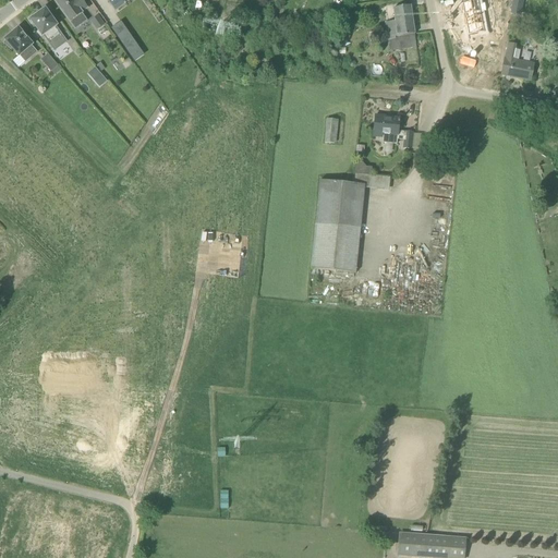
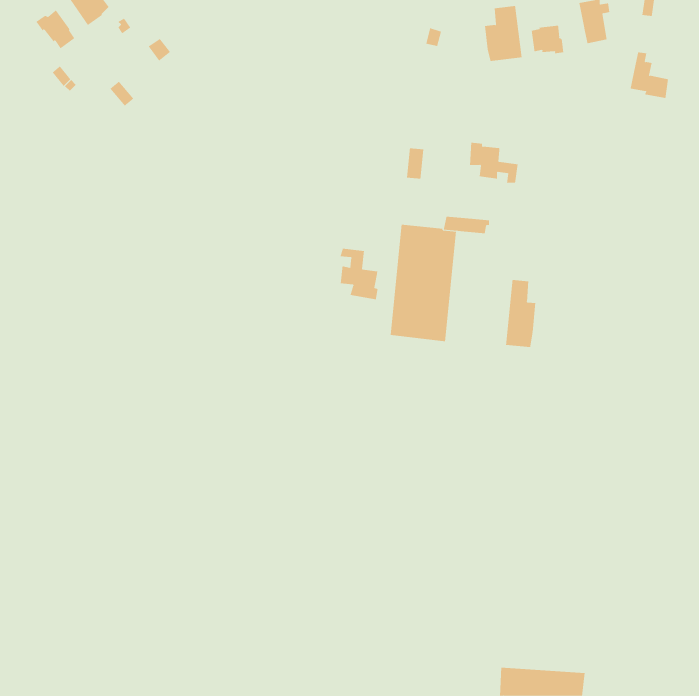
building: none -> [531,25,564,54]
building: [4,27,36,57] -> none
building: none -> [340,248,380,300]
building: none -> [505,279,536,348]

